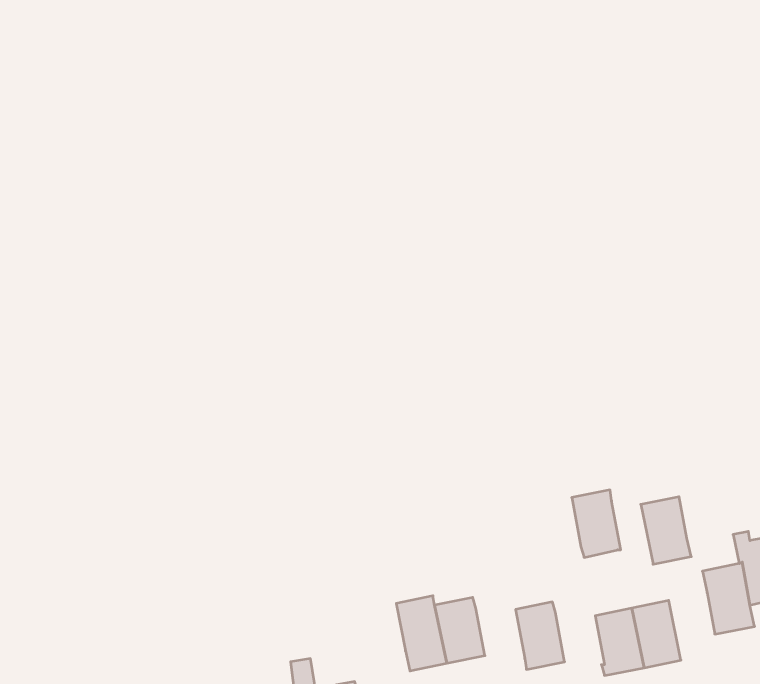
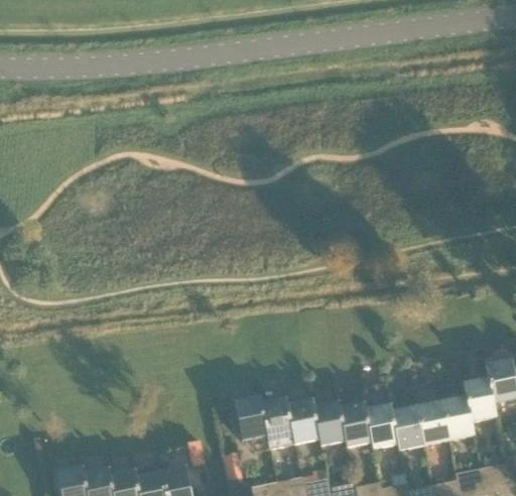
building: [572,490,621,557] -> [367,404,399,449]
building: [641,497,691,564] -> [441,396,475,441]
building: none -> [235,396,268,440]
building: none -> [314,401,347,445]

